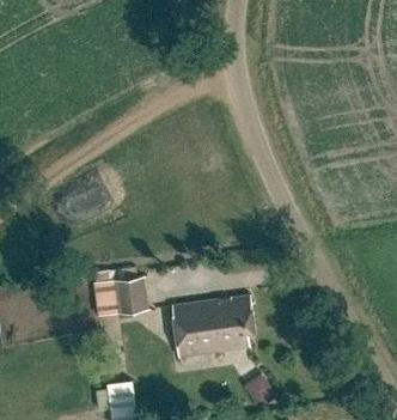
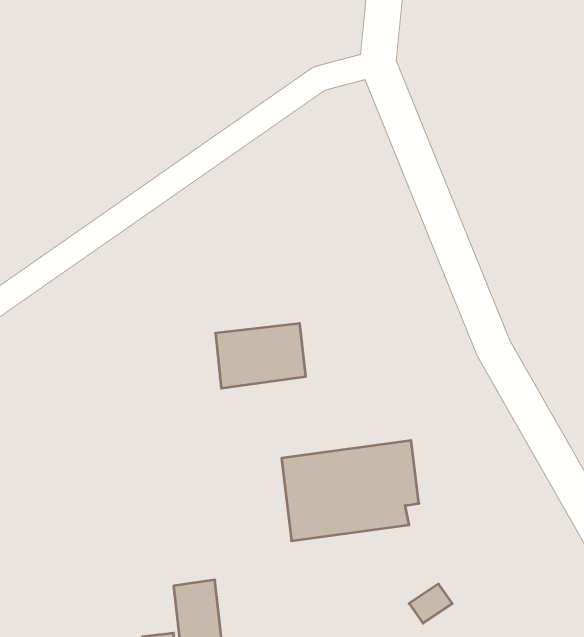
building: [90,278,145,317] -> [215,323,306,388]

